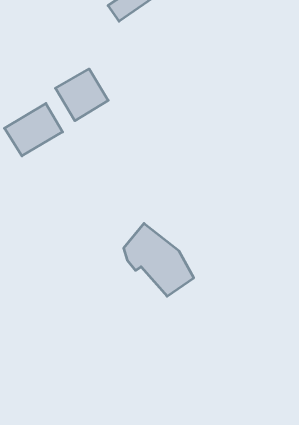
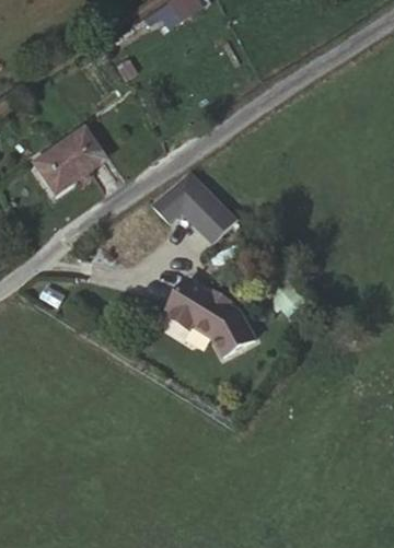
building: [55,69,108,121] -> none
building: none -> [165,184,225,241]

